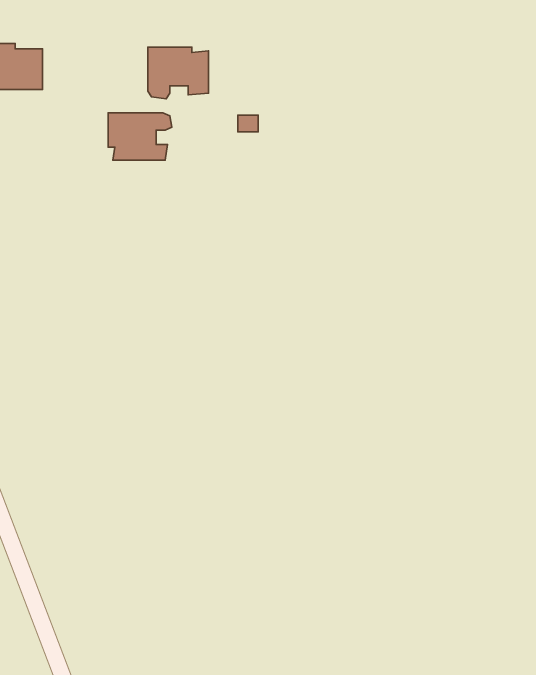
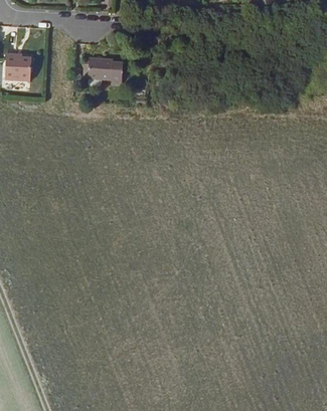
building: [108,113,172,160] -> none

